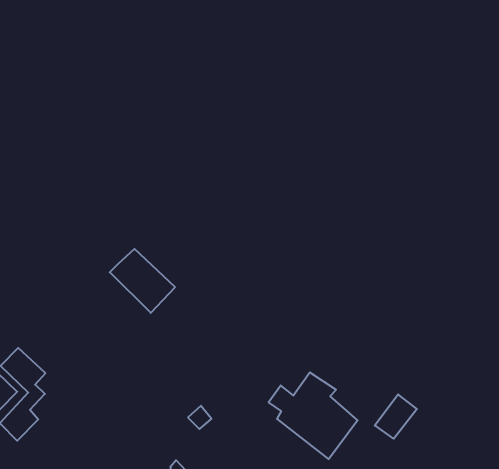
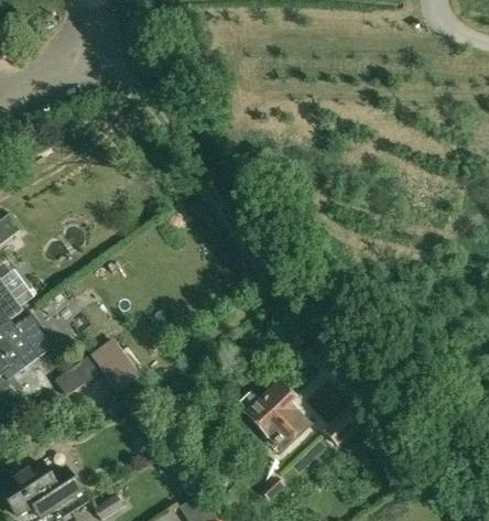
building: [110,249,175,313] -> [89,339,140,393]
building: none -> [53,358,97,397]

